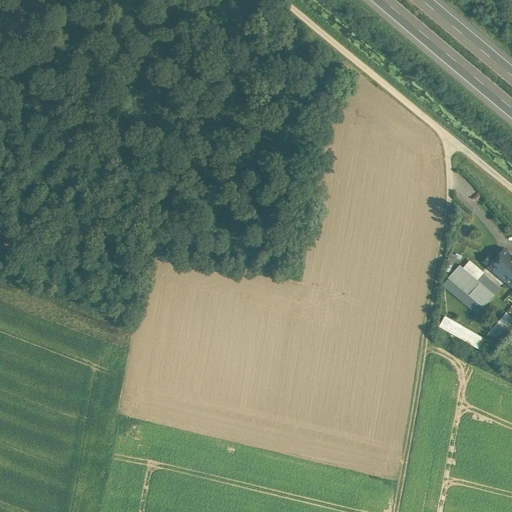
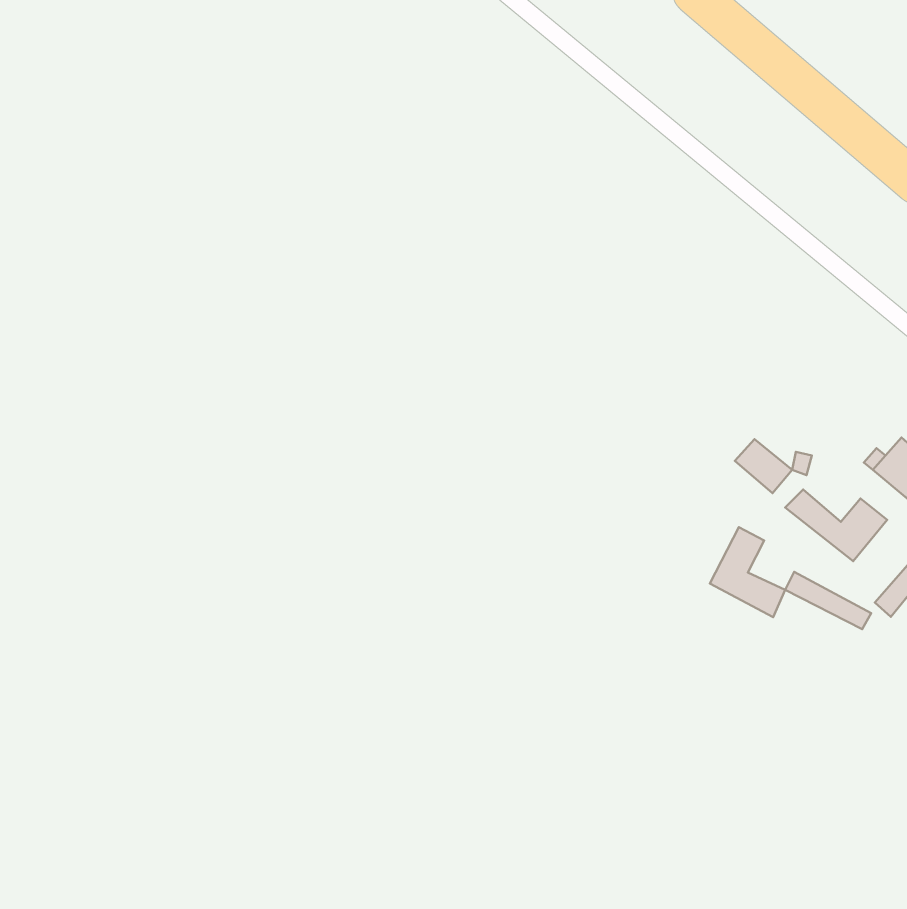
building: [453,261,485,291] -> [735,439,792,493]
building: none -> [710,527,785,617]

